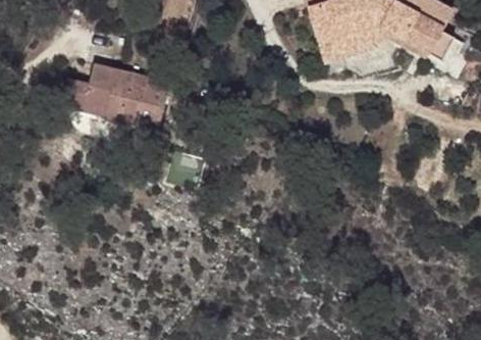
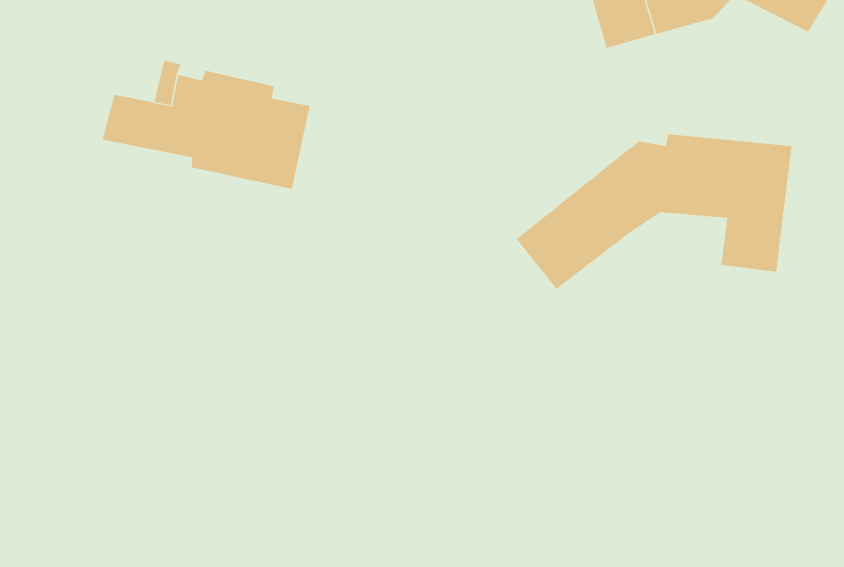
building: none -> [516,134,792,290]

